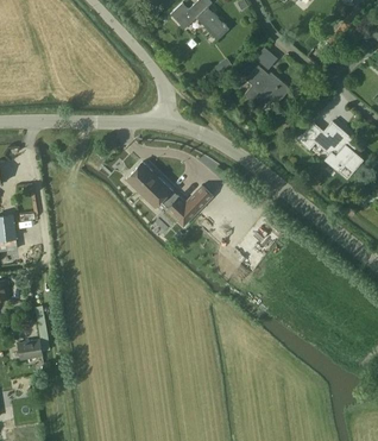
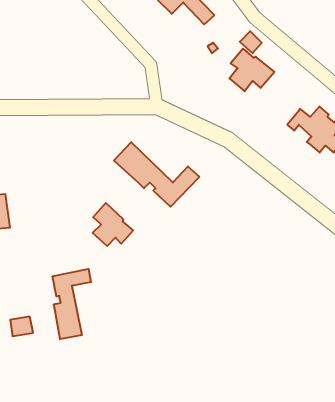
building: none -> [93,203,133,246]
building: none -> [53,269,91,339]

